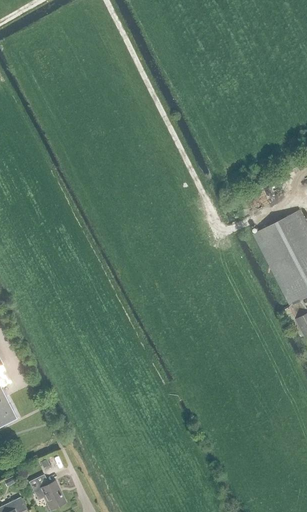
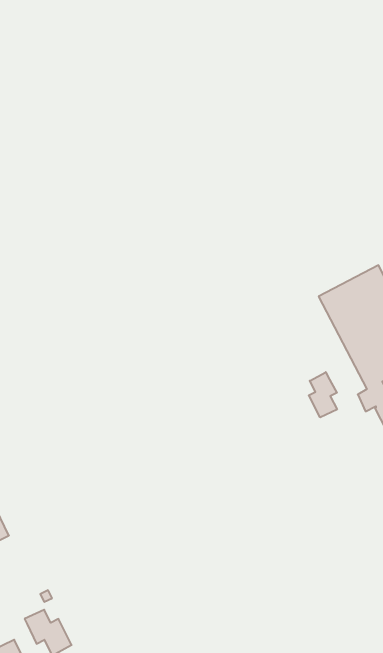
building: none -> [309,372,337,417]

